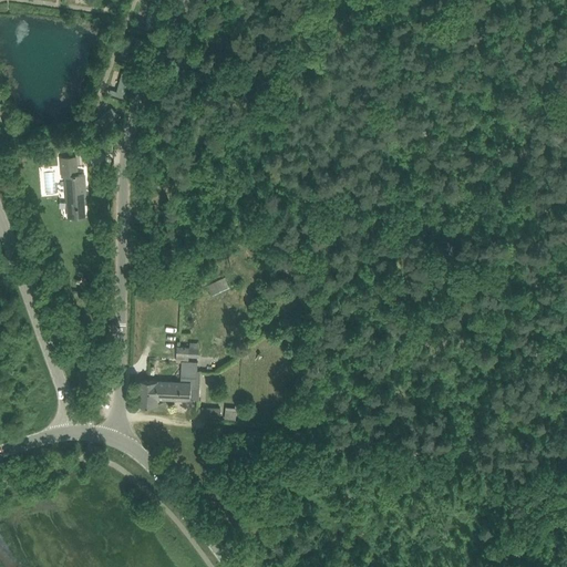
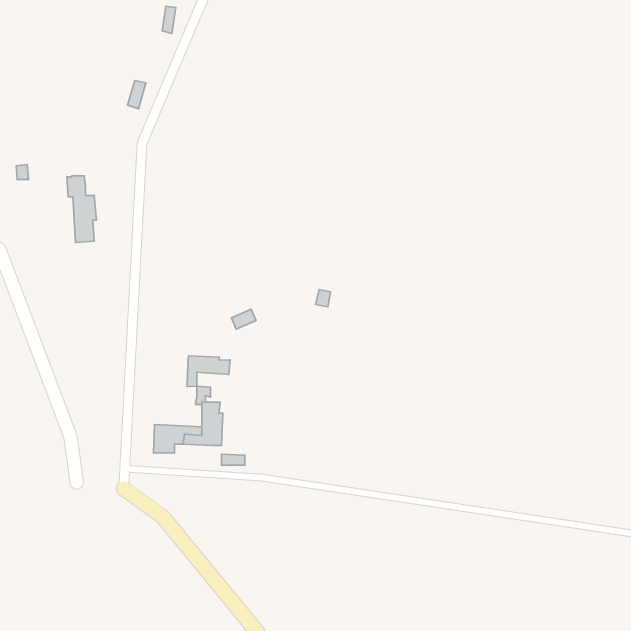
building: none -> [187,356,230,386]

